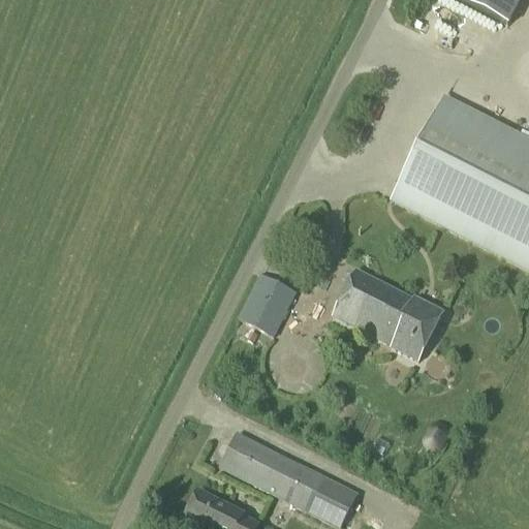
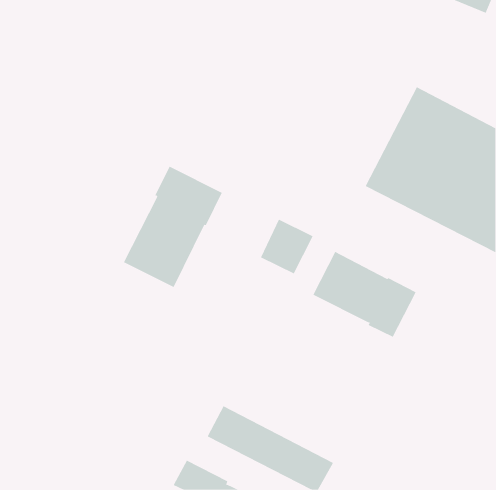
building: none -> [123,166,223,288]
building: [238,275,294,334] -> [260,219,313,274]

